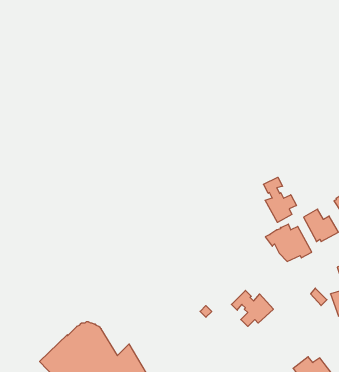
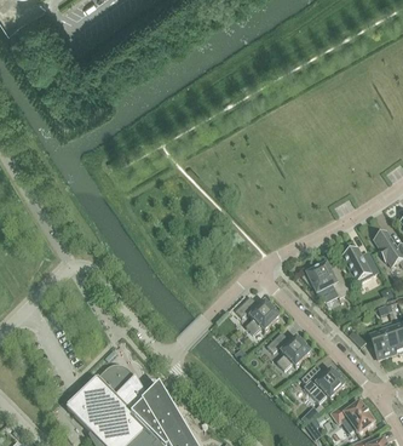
building: [263,177,296,222] -> none
building: none -> [235,295,278,332]
building: none -> [300,362,345,400]

